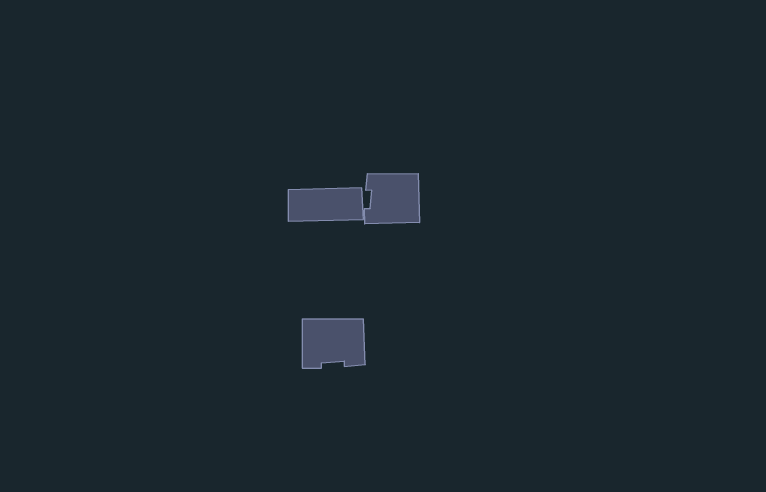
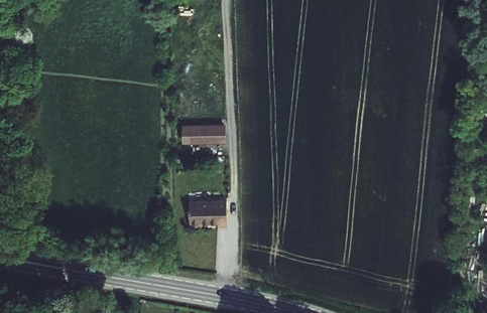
building: [364,174,419,224] -> none

